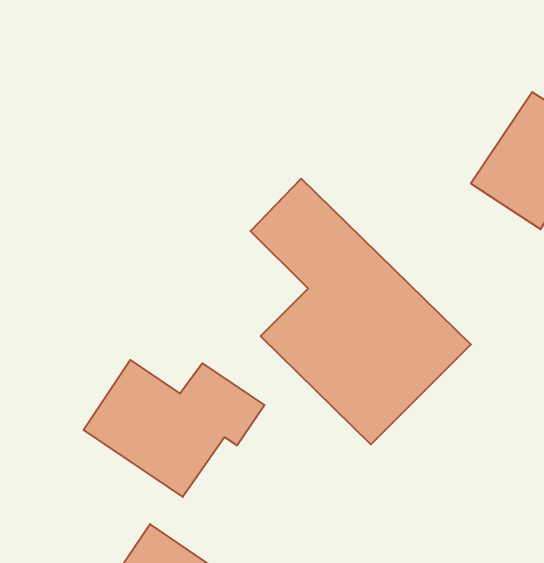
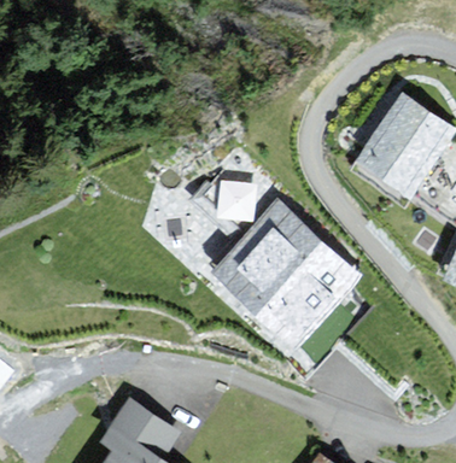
building: [84,360,265,497] -> none

